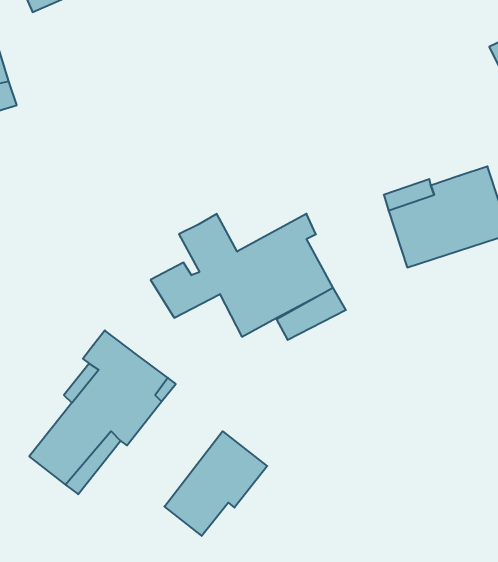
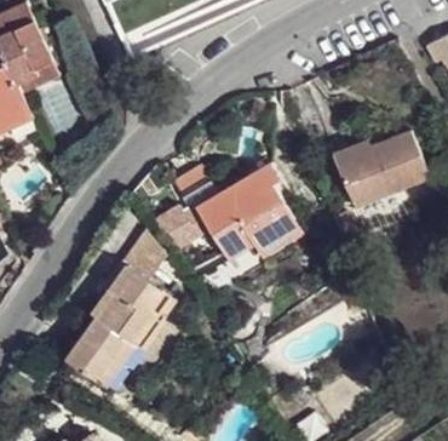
building: none -> [126,228,171,277]
building: [164,431,267,536] -> none

